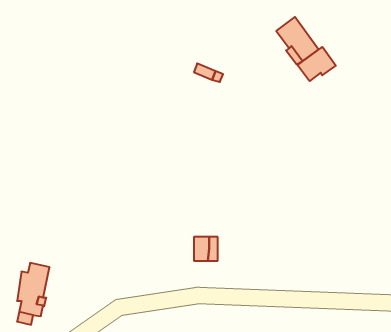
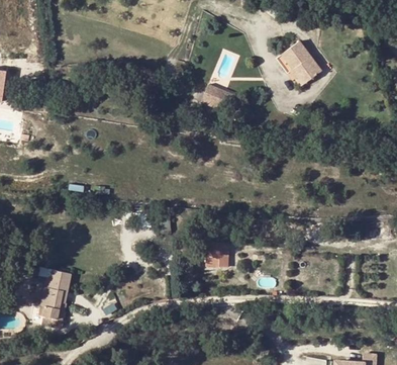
building: [298,47,336,81] -> none

